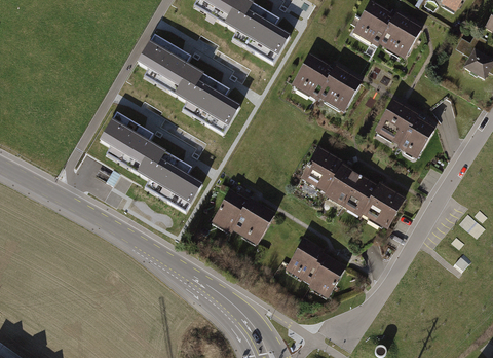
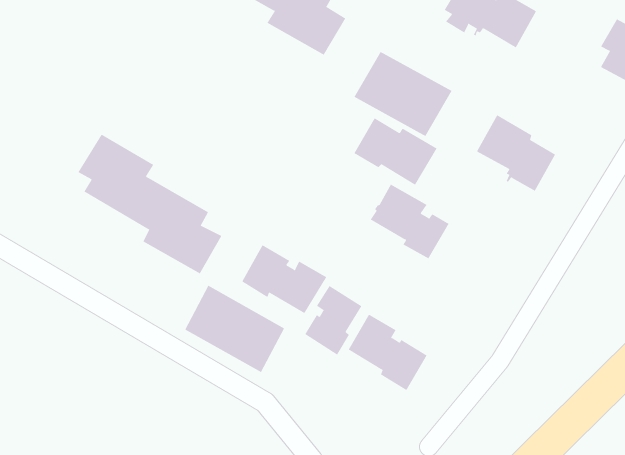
building: [139,32,238,131] -> none
building: [345,176,404,223] -> [353,118,438,186]
building: none -> [184,285,285,373]
building: none -> [304,285,362,355]

